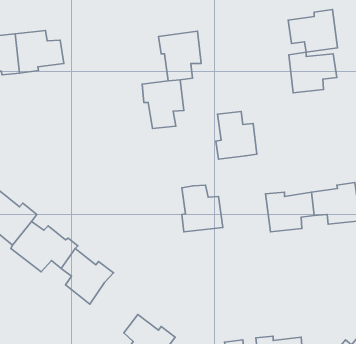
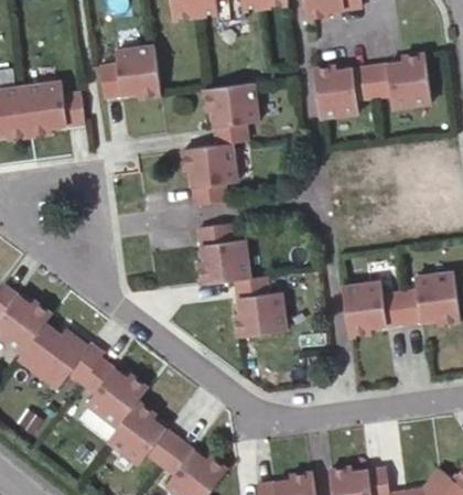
building: none -> [98,46,160,96]
building: [289,52,337,93] -> [312,65,373,117]
building: [216,111,257,159] -> [196,224,248,284]
building: none -> [106,400,177,464]

